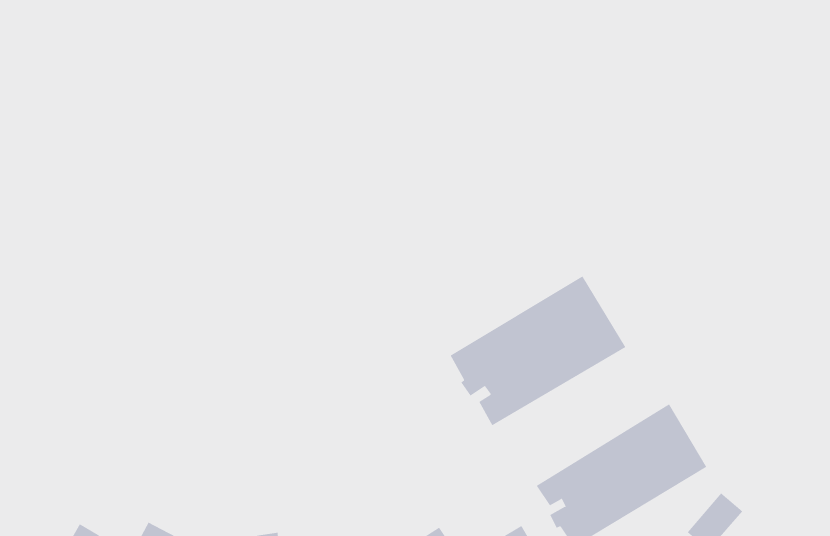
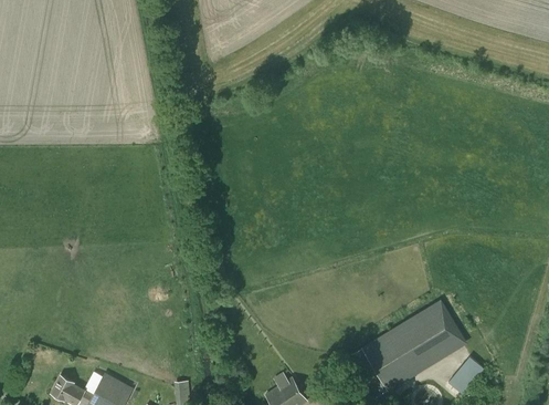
building: [450,275,626,426] -> none

